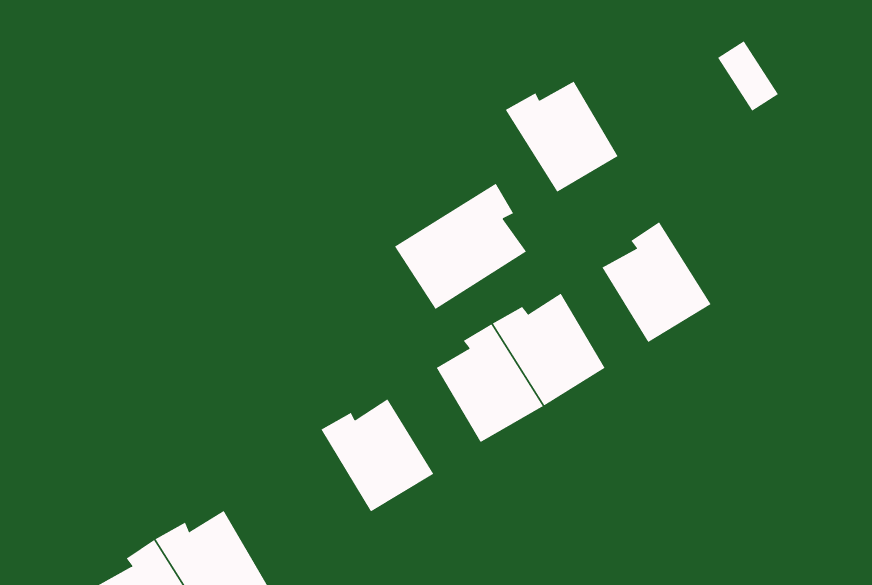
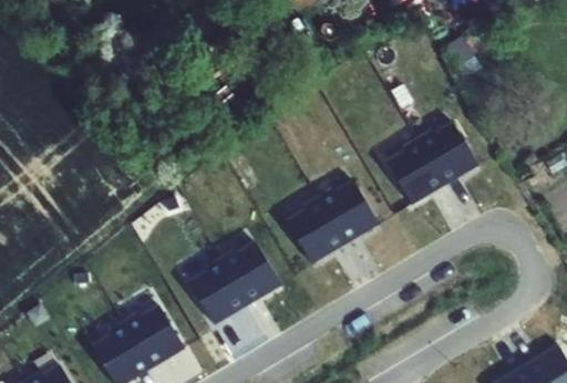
building: [505,81,619,193] -> [414,120,480,184]
building: [394,183,527,310] -> none
building: none -> [186,256,248,324]

